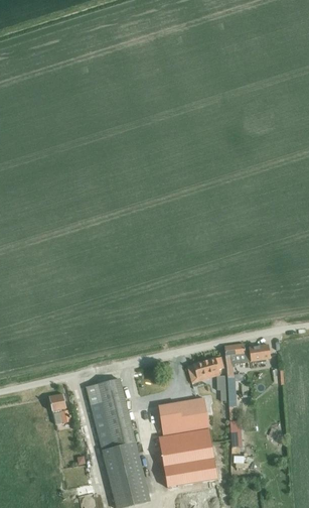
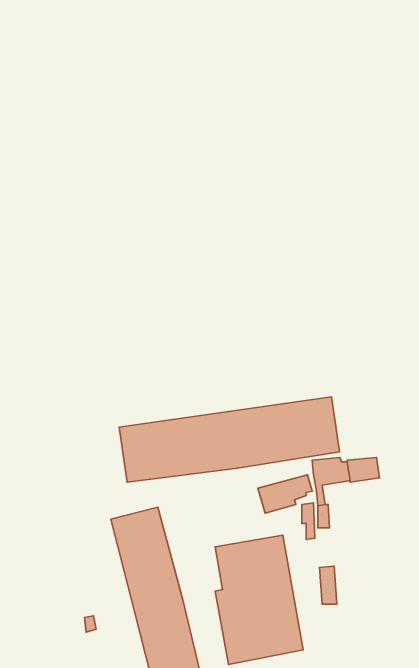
building: none -> [119,397,340,482]
building: [49,394,71,424] -> none

